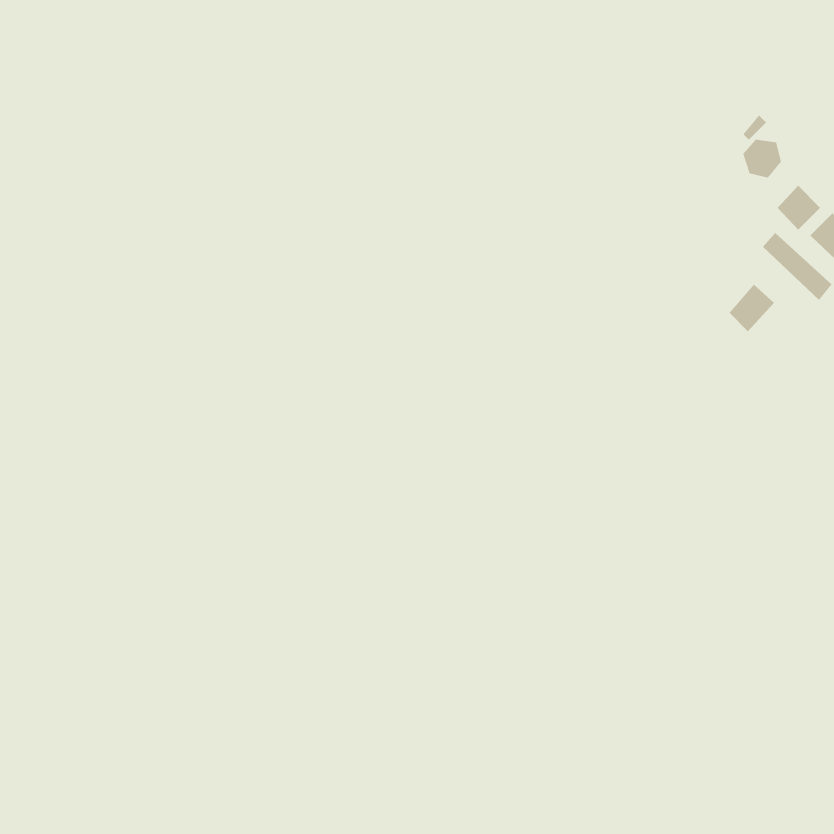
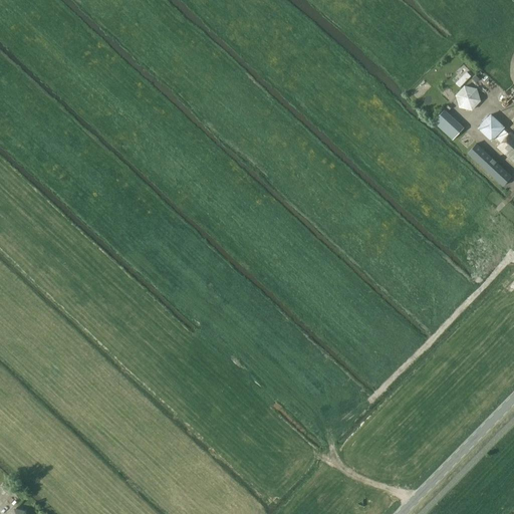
building: none -> [435,109,466,140]
building: [729,284,775,332] -> none

